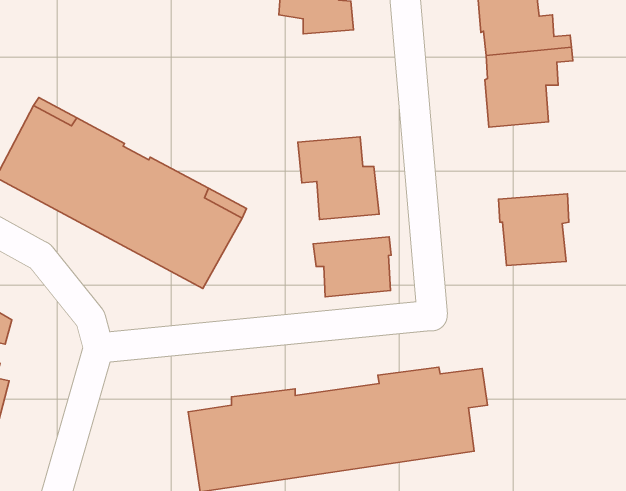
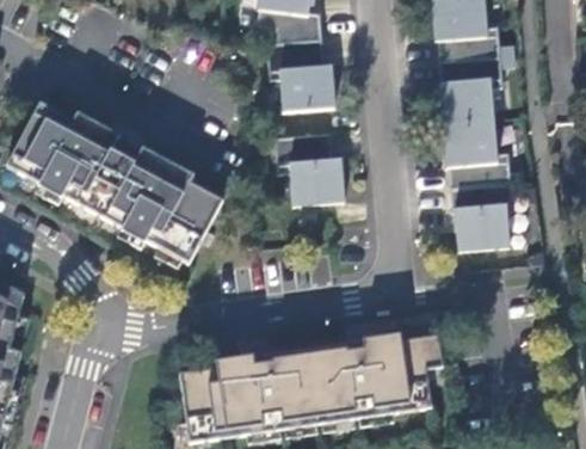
building: none -> [267,37,334,109]
building: none -> [442,118,525,186]
building: [313,237,391,297] -> none

